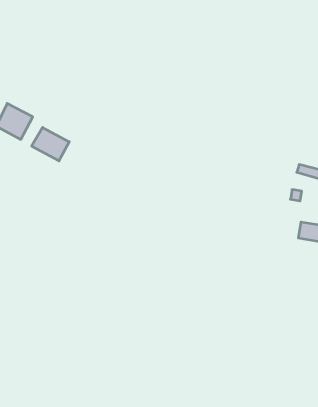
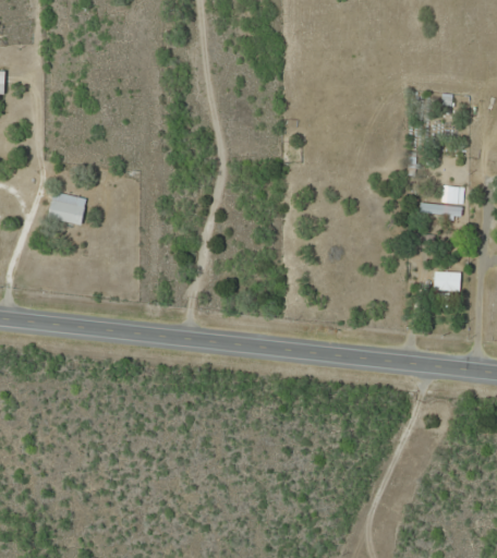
building: [32,127,69,161] -> none

